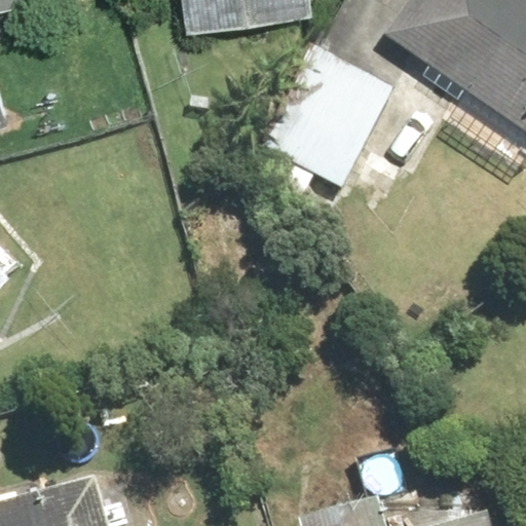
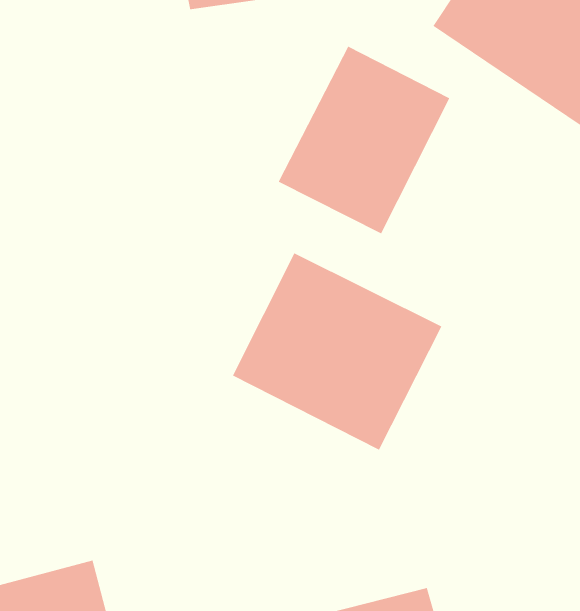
building: none -> [232,252,442,451]

